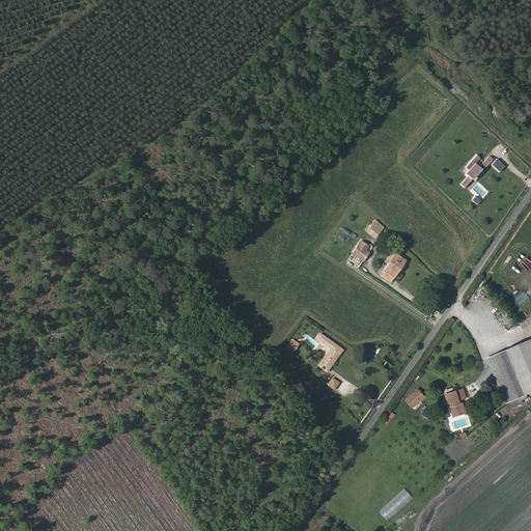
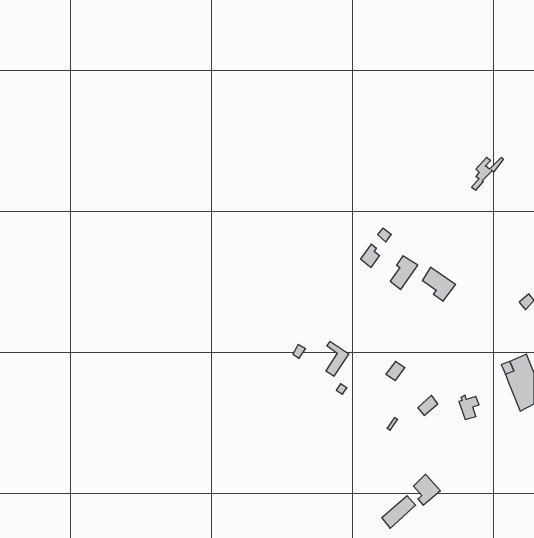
building: none -> [422,267,456,301]
building: none -> [413,474,440,505]

